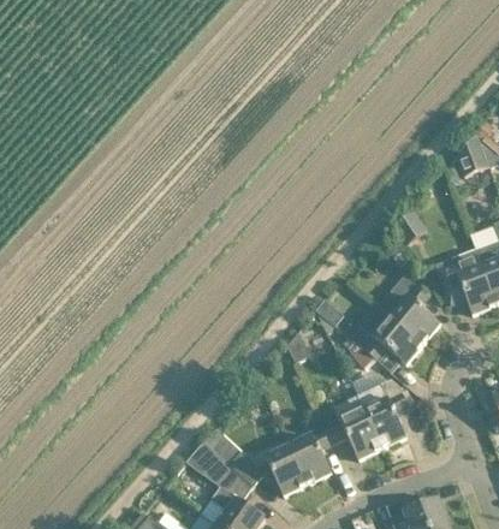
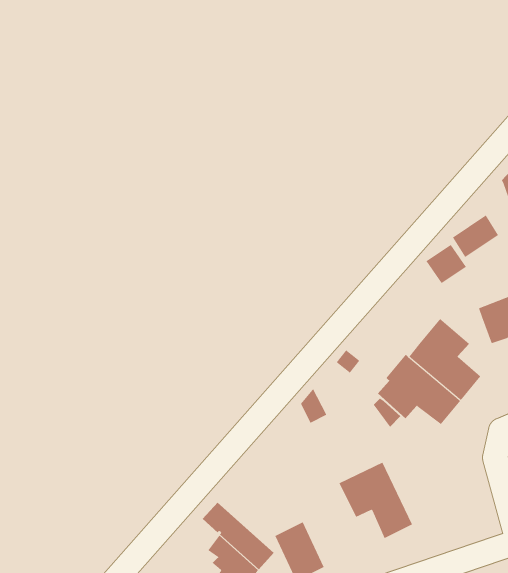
building: none -> [452,215,499,258]
building: [357,378,410,448] -> none
building: [290,414,334,485] -> none

